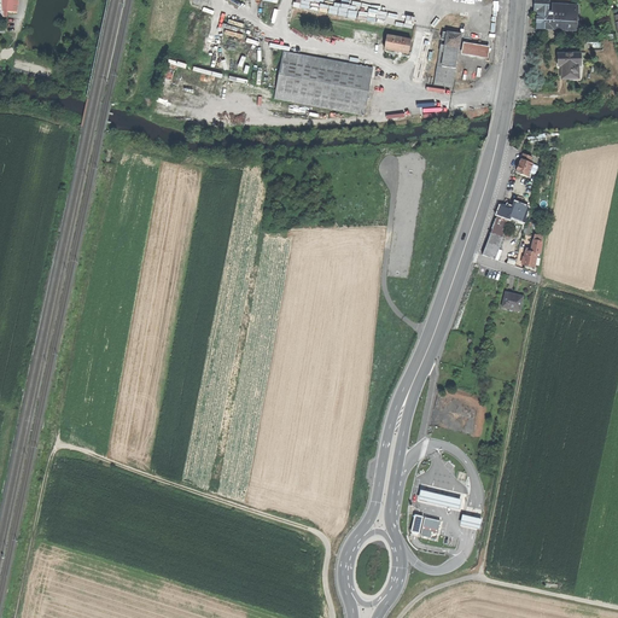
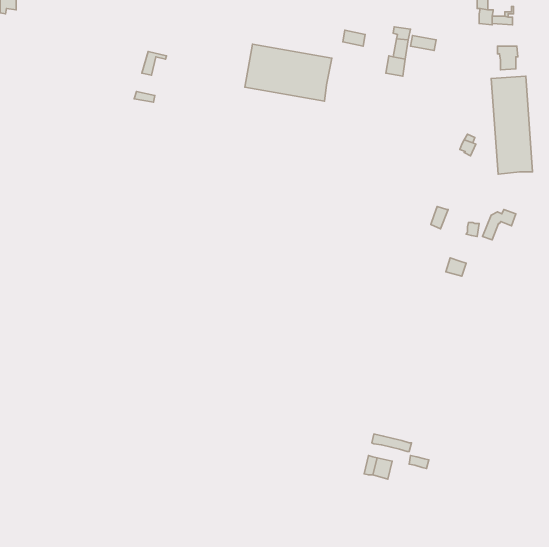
building: none -> [491,76,533,174]
building: [491,202,529,235] -> [482,210,516,240]

